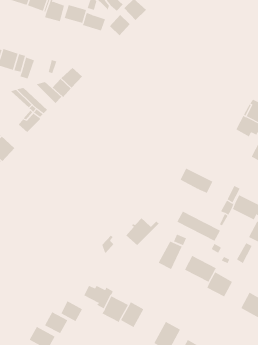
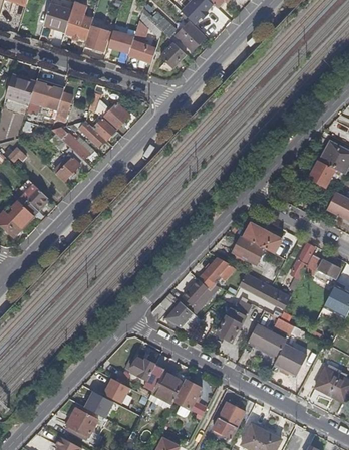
building: none -> [233,235,265,263]
building: none -> [199,257,238,290]
building: none -> [163,301,194,327]

